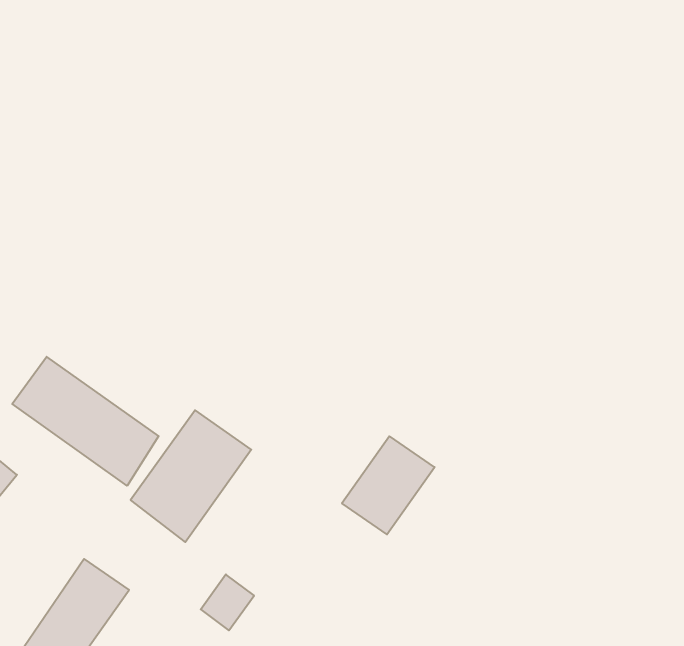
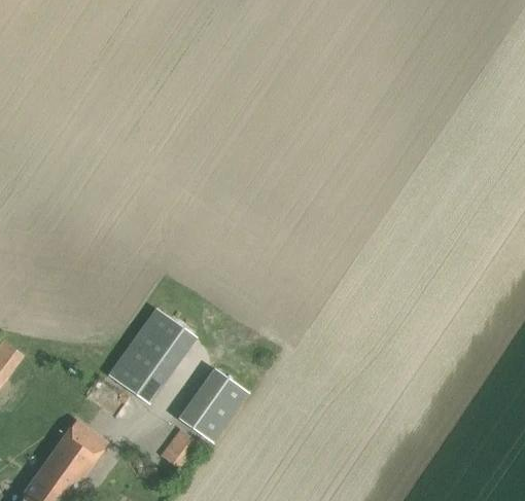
building: [12,357,159,486] -> none
building: [342,436,435,534] -> [180,370,248,442]

